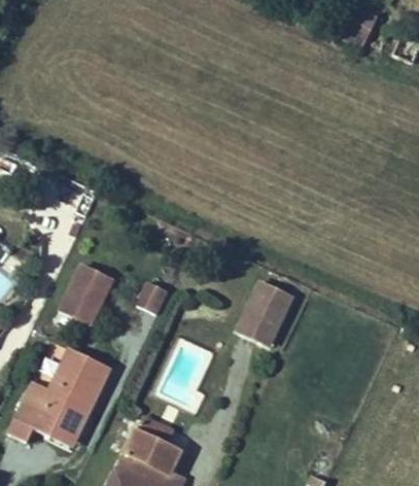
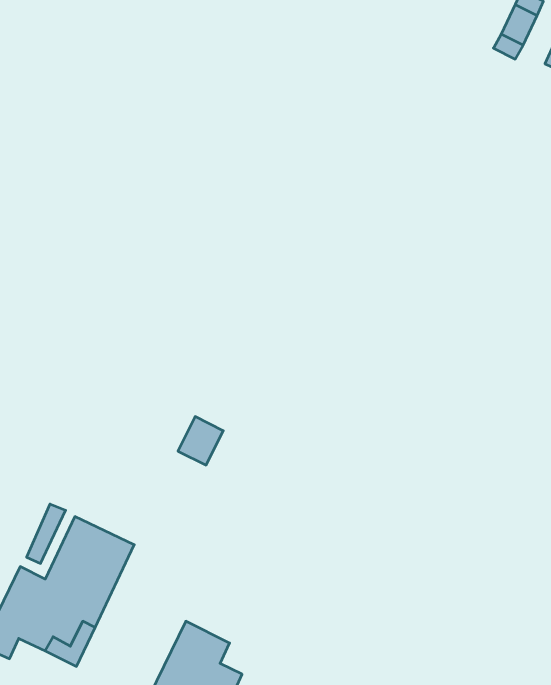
building: [61,264,112,323] -> none
building: [239,281,291,344] -> none

